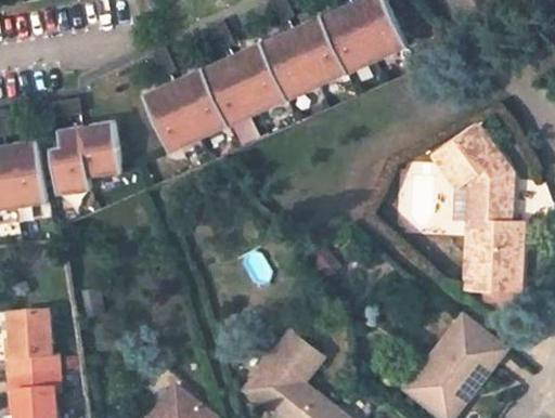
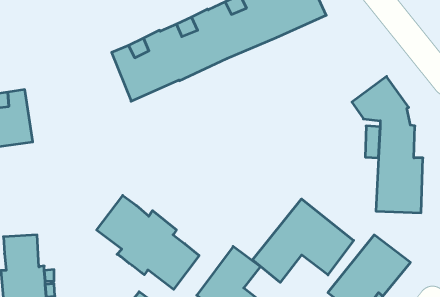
building: [49,120,121,197] -> none
building: none -> [97,195,199,289]
building: none -> [252,199,354,282]

